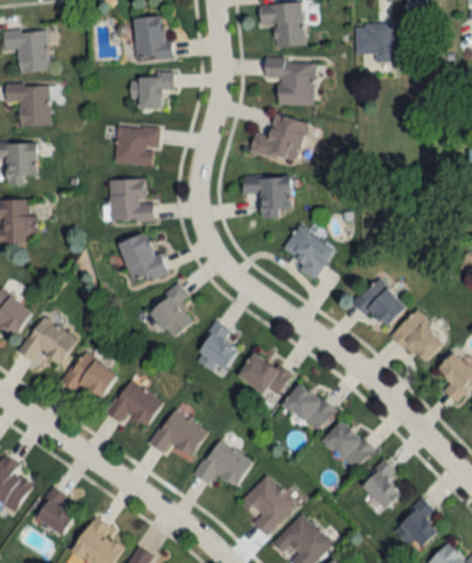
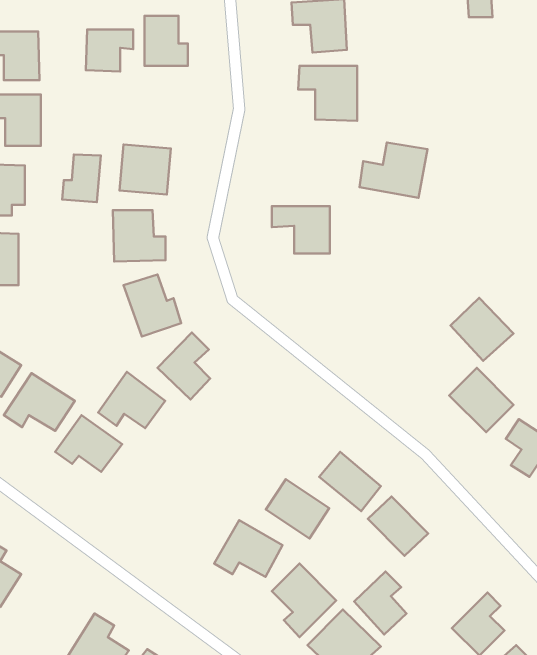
building: [355,23,393,62] -> none
building: [133,74,173,109] -> [86,29,133,71]
building: [250,115,307,162] -> [359,143,428,198]
building: none -> [62,155,101,202]
building: [279,224,333,276] -> none
building: [353,277,406,330] -> [450,298,513,361]
building: [193,322,238,375] -> none
building: [237,351,289,400] -> [266,479,329,538]
building: [106,378,162,426] -> [98,372,165,428]
building: [149,408,207,457] -> none
building: [356,459,400,511] -> [354,571,407,634]
building: [33,487,75,536] -> none

